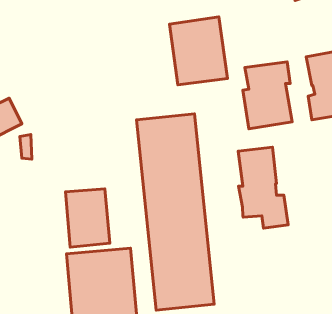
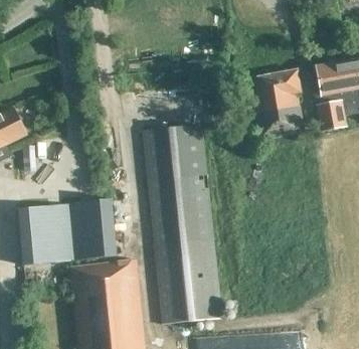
building: [170,17,228,85] -> none
building: [238,147,288,228] -> none
building: none -> [19,202,73,263]

